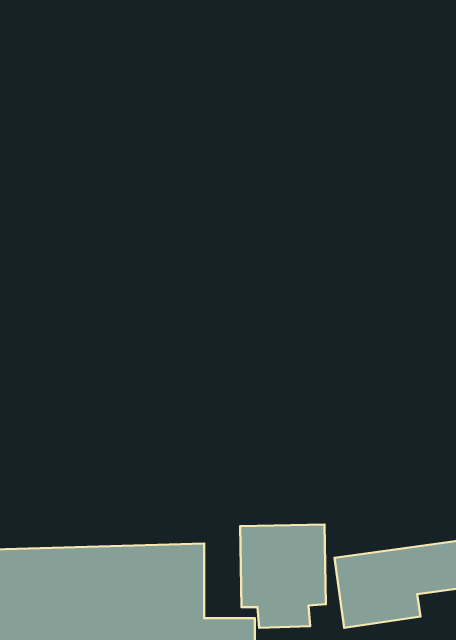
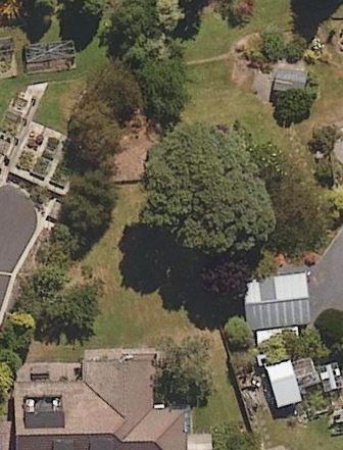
building: [240,525,326,628] -> [249,274,304,341]

